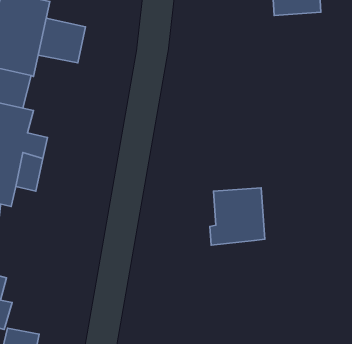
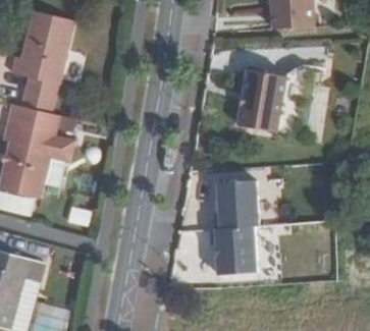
building: [38,18,85,63] -> none
building: none -> [236,70,284,131]
building: none -> [208,227,256,277]

